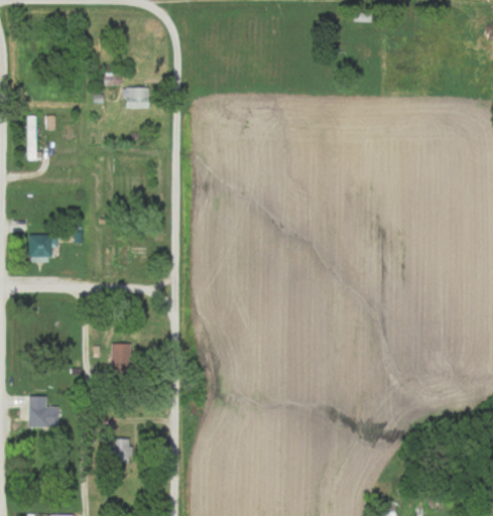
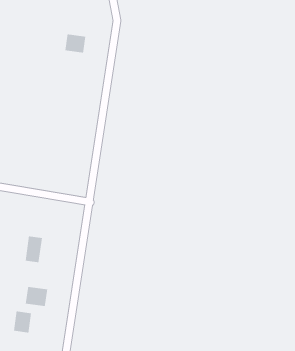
building: none -> [25,286,48,307]

